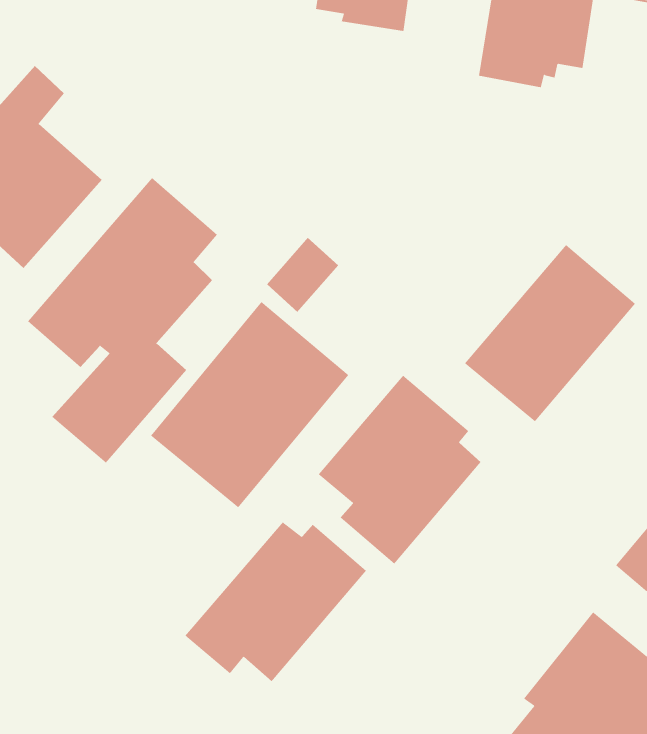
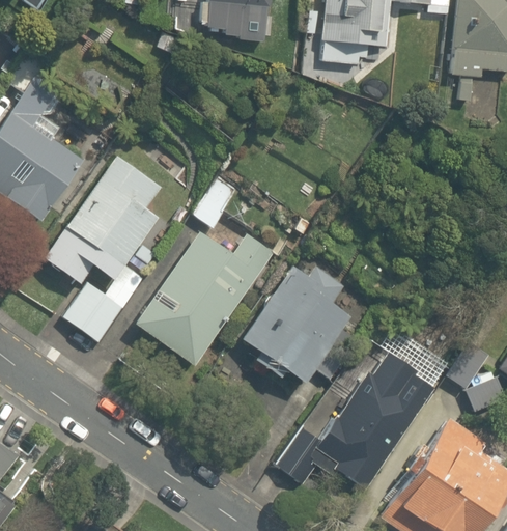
building: [464,244,636,422] -> none
building: [185,521,367,682] -> none
building: none -> [282,353,430,484]

